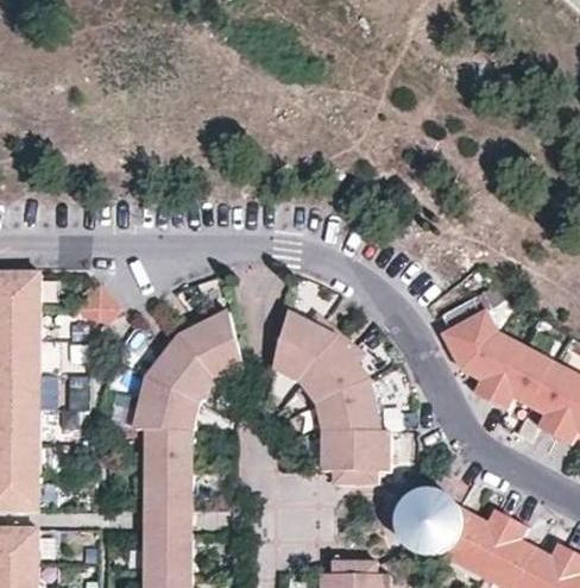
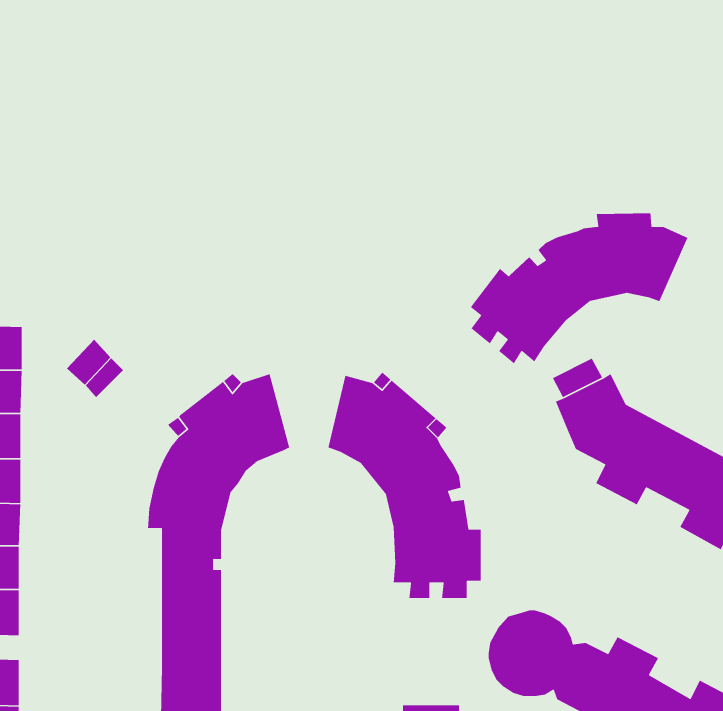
building: none -> [470,212,688,364]

